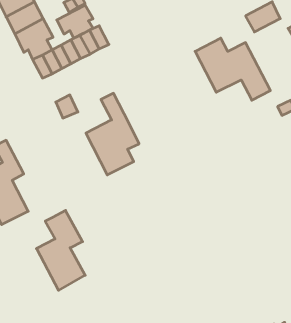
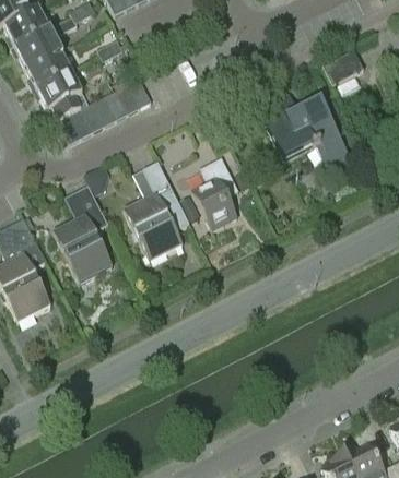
building: [57,5,93,38] -> none
building: none -> [191,157,238,230]
building: [36,210,85,290] -> [54,186,114,284]

